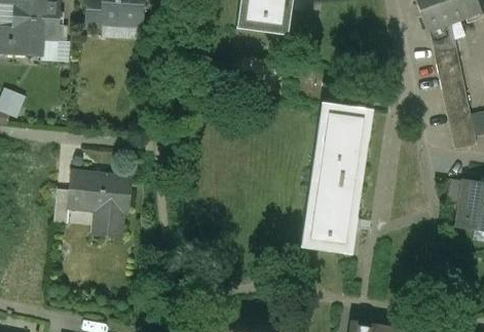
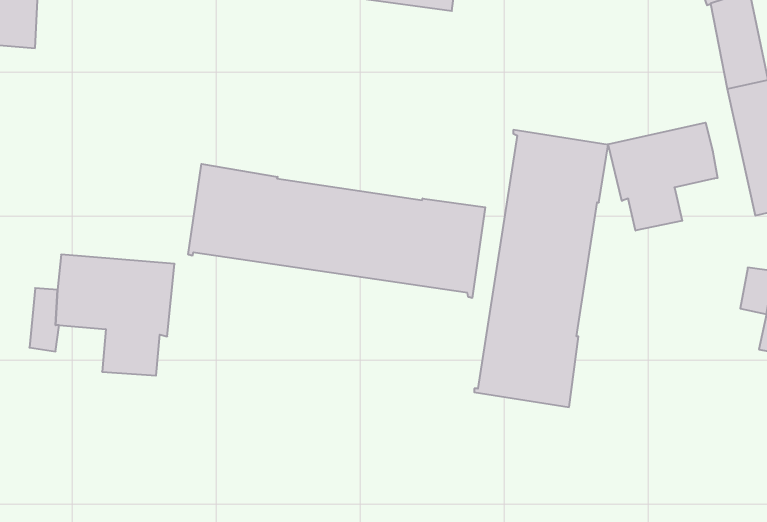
building: none -> [608,123,718,231]
building: none -> [188,164,485,298]

